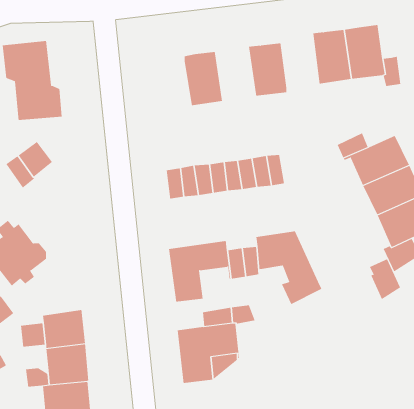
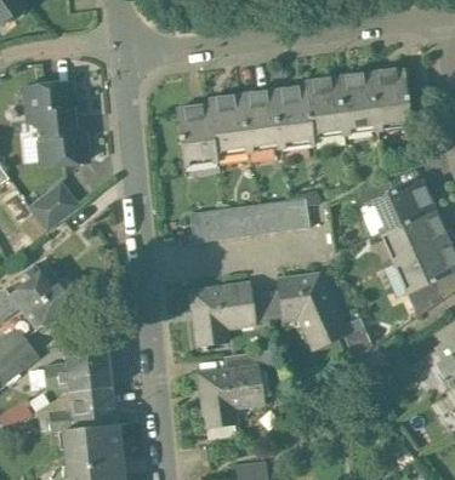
building: none -> [303,76,342,131]
building: none -> [239,90,279,144]
building: none -> [174,104,215,159]
building: [369,258,401,300] -> [342,316,374,358]

